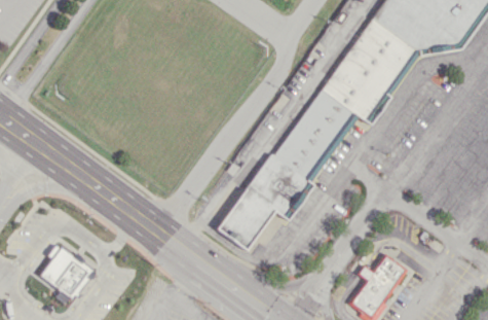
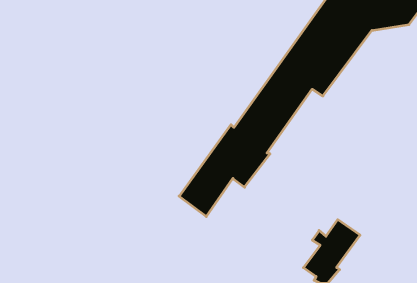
building: [39,248,93,307] -> none

